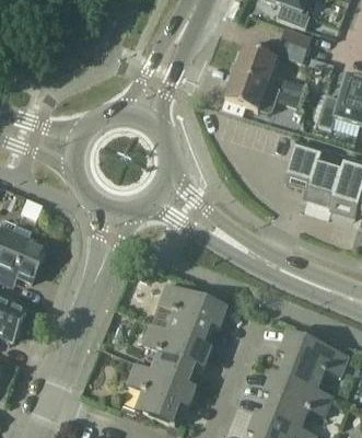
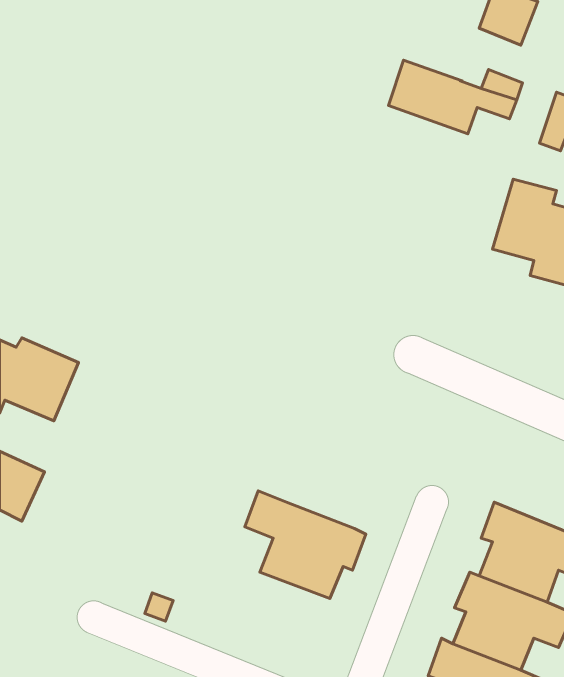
building: [234,47,277,85] -> none
building: [150,284,226,345] -> none
building: [127,364,196,426] -> none

